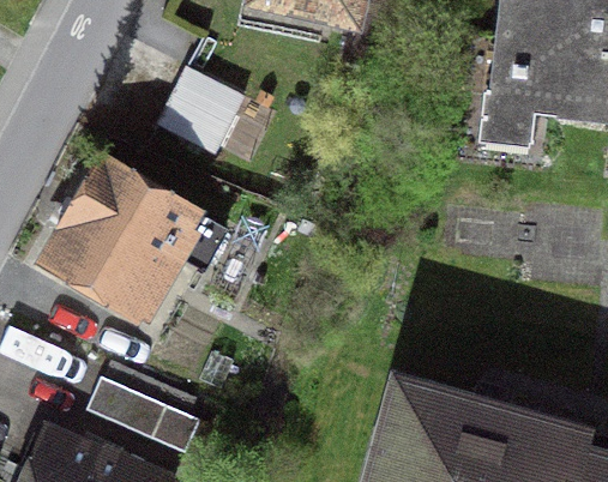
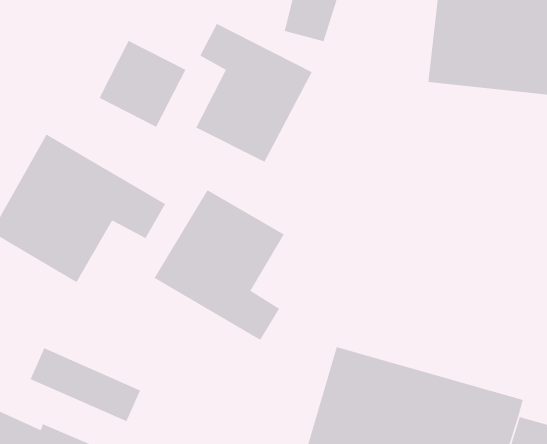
building: none -> [195,23,313,163]
building: none -> [153,189,285,341]

